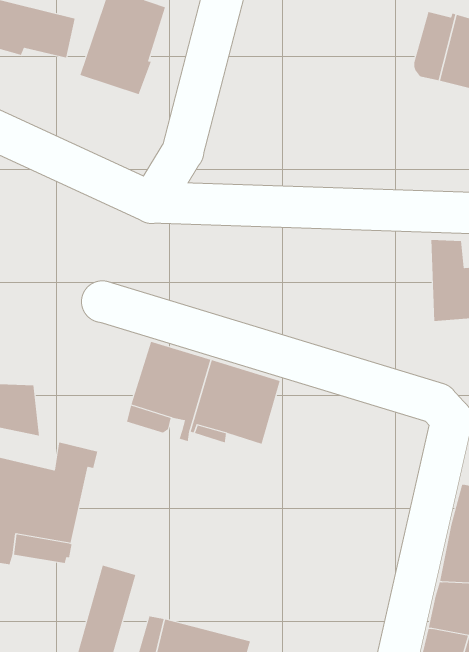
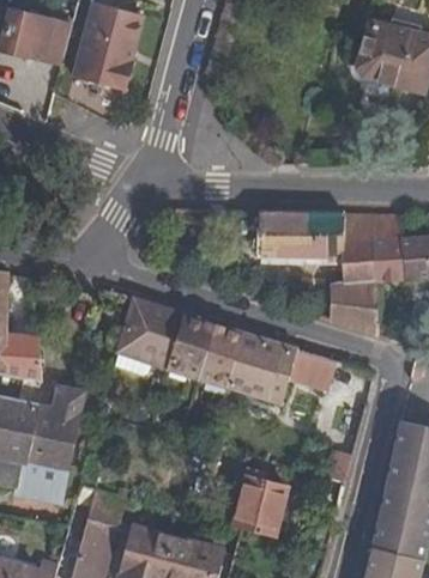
building: none -> [253,212,379,335]
building: none -> [230,333,337,402]
building: none -> [235,475,288,537]

